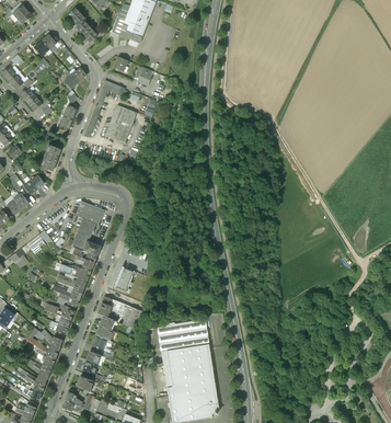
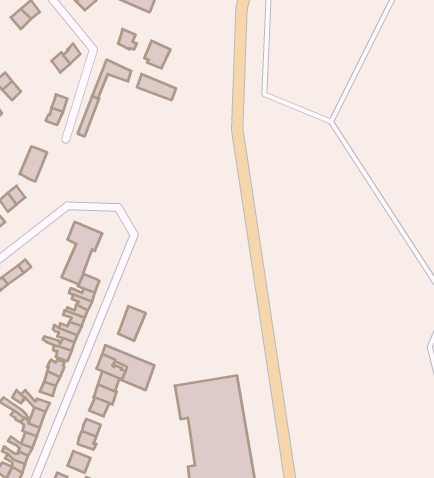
building: [105,104,136,142] -> none

